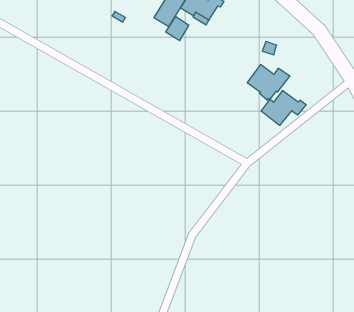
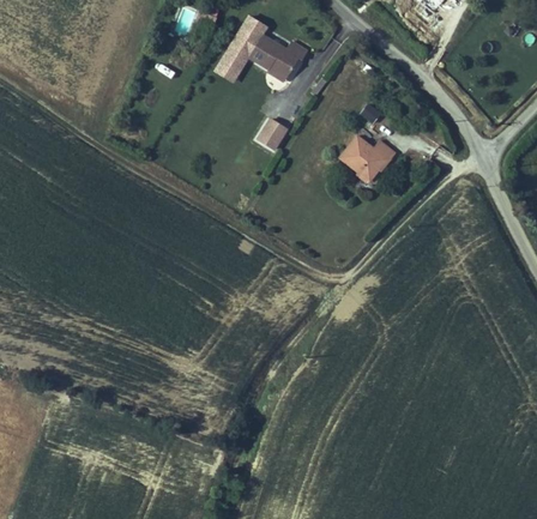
building: [166,17,189,41] -> [257,117,288,150]
building: [261,90,306,125] -> none

